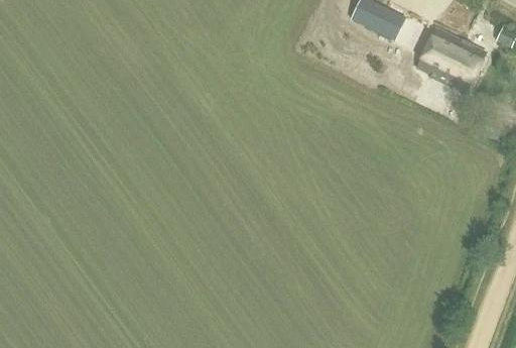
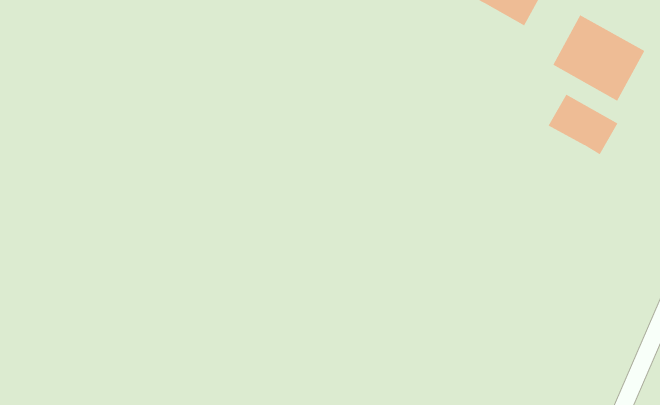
building: none -> [548,94,618,155]

